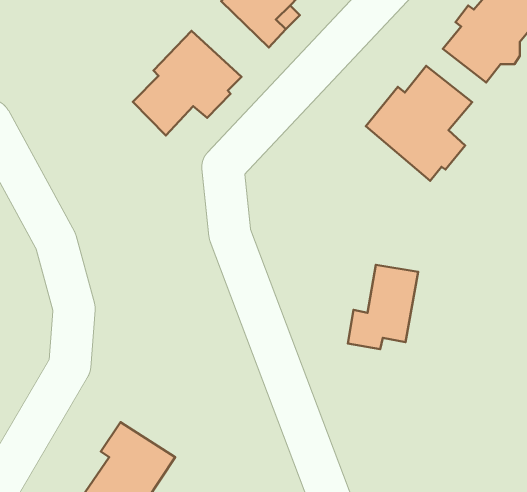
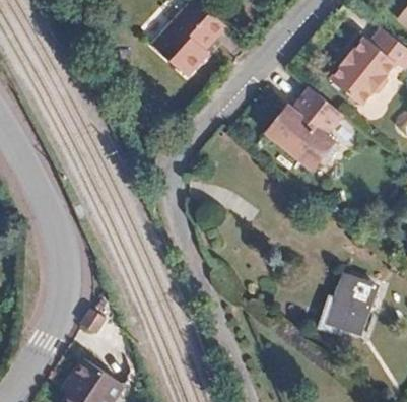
building: [133,31,241,135] -> none
building: [348,265,418,349] -> [321,279,371,340]

